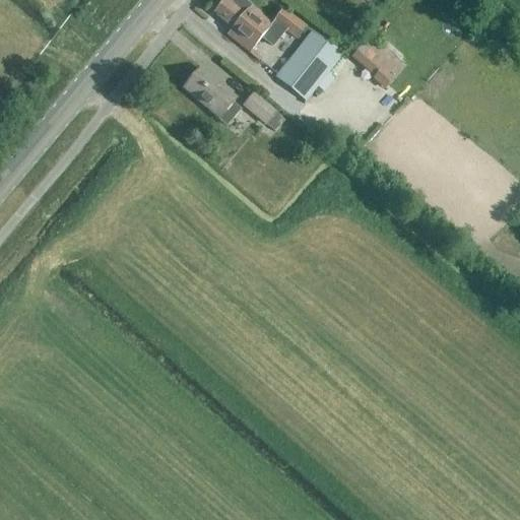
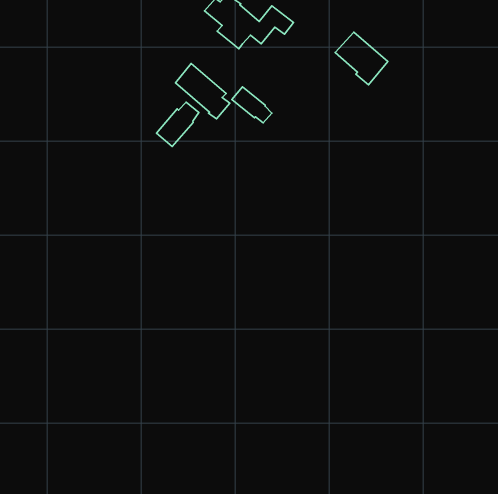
building: [274,28,342,100] -> none
building: none -> [156,102,199,147]

